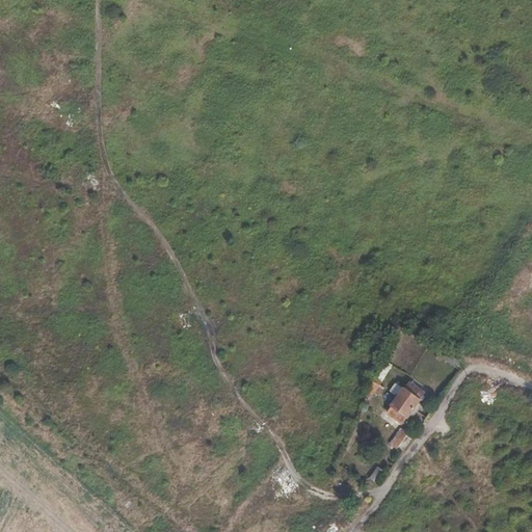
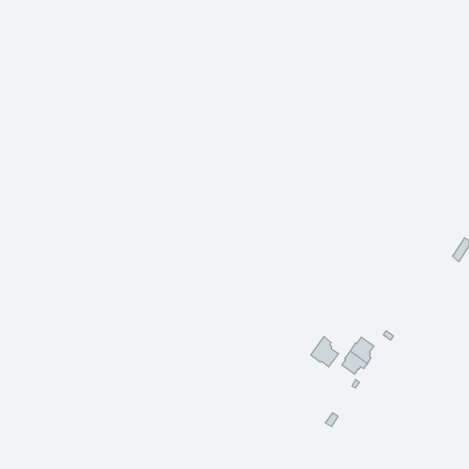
building: none -> [311,336,339,367]

